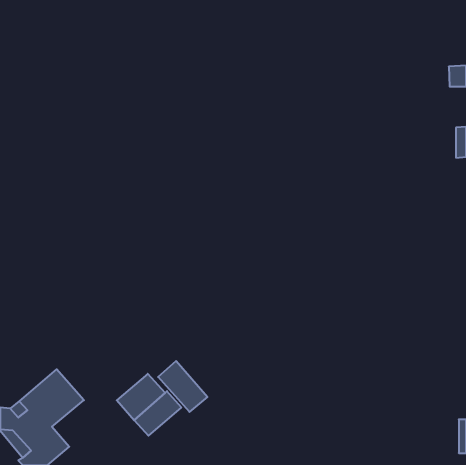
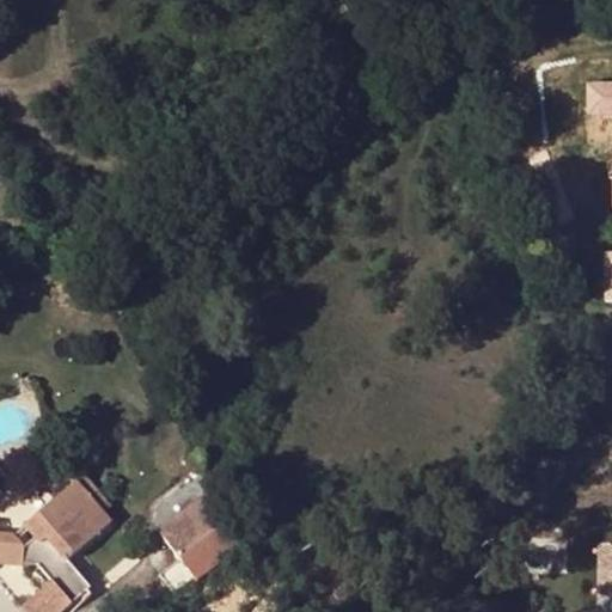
building: [158,361,207,412] -> none

